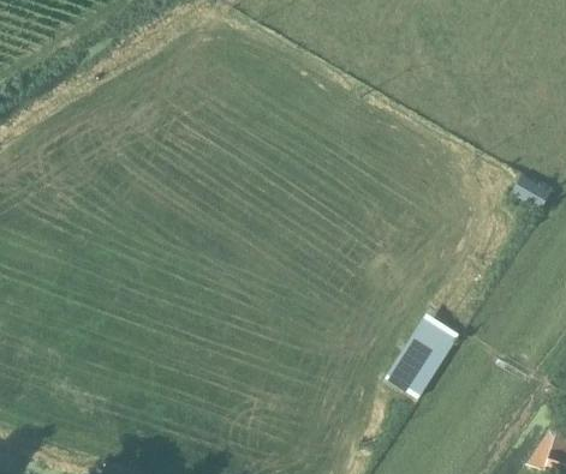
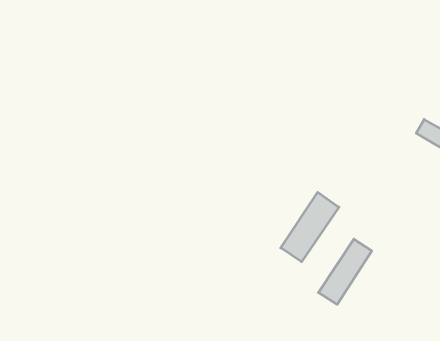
building: none -> [281,192,339,262]

